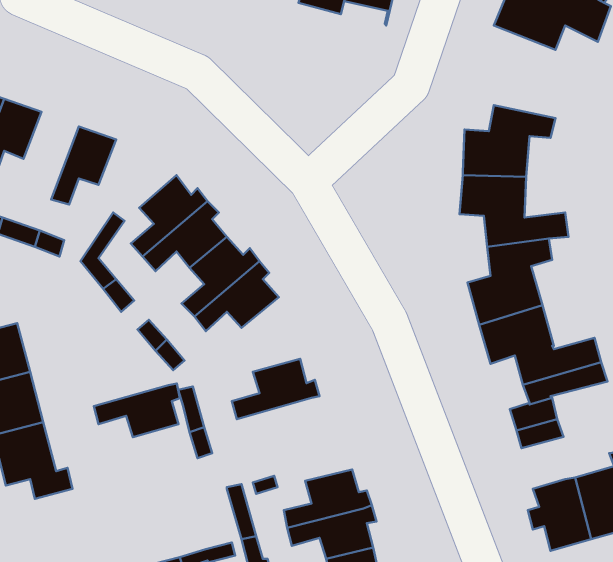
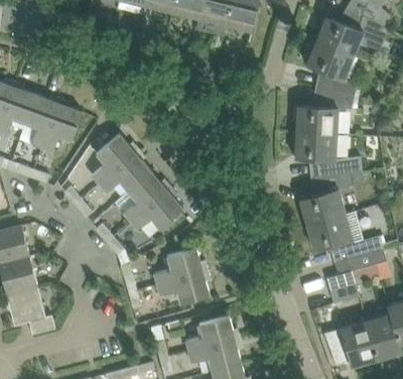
building: none -> [306,41,356,99]
building: none -> [24,95,58,149]
building: [94,383,180,437] -> [156,271,210,304]

